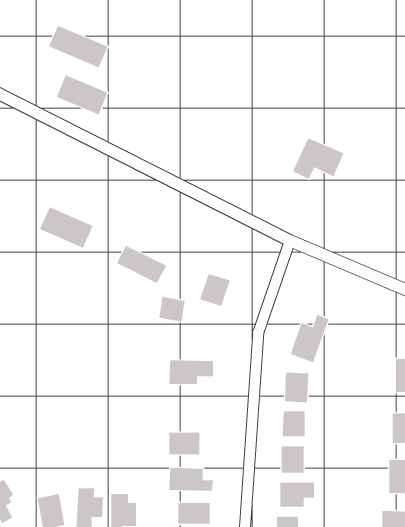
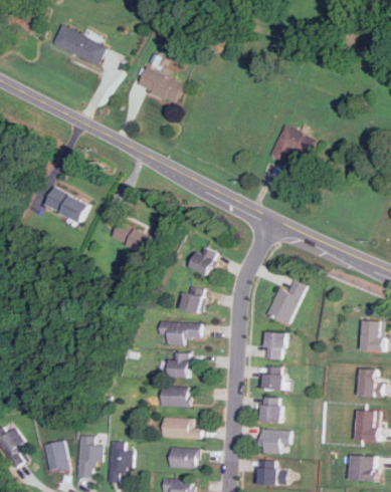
building: [56,74,108,115] -> [138,67,184,103]
building: [158,296,186,322] -> [179,291,203,314]
building: none -> [166,353,187,379]

